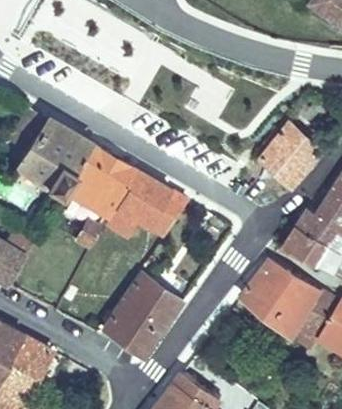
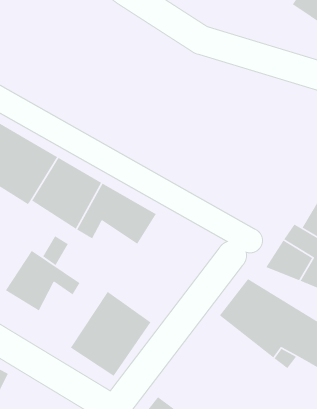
building: [257,123,323,188] -> none
building: none -> [5,250,81,312]

